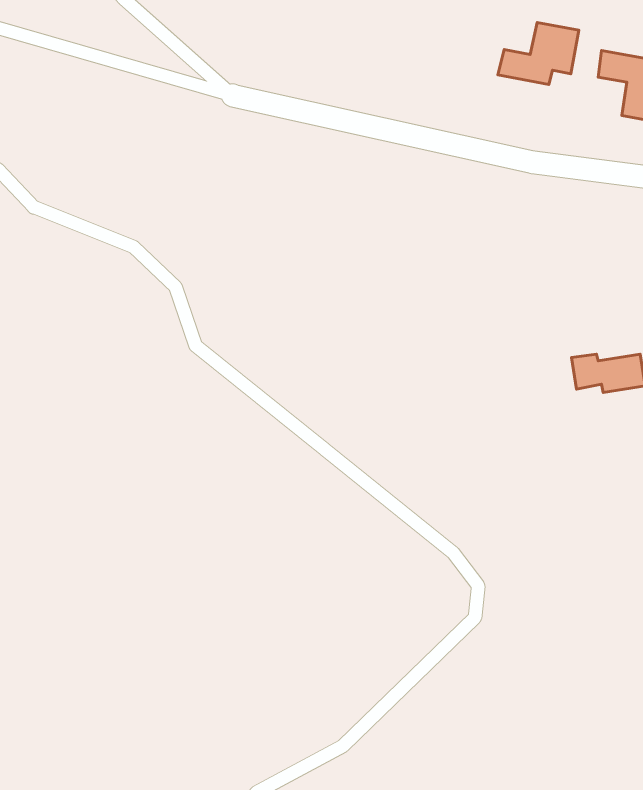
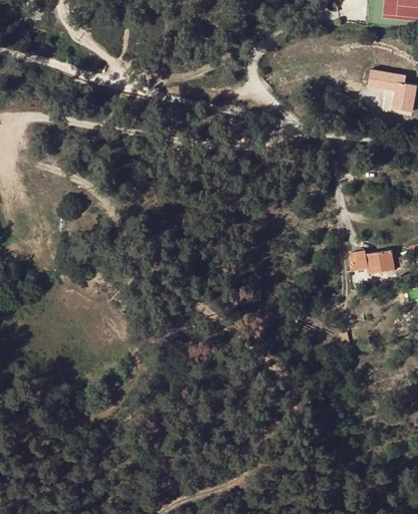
building: [498,23,579,84] -> none

